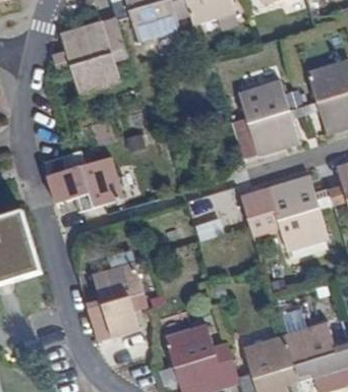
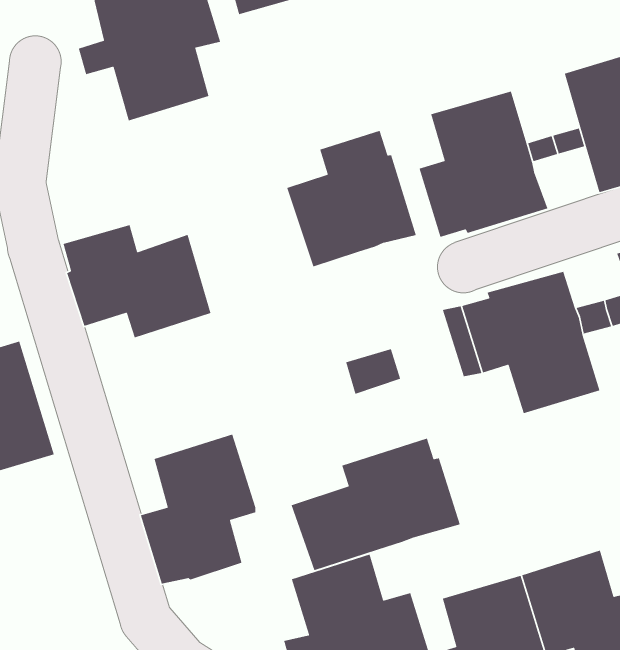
building: none -> [286,130,417,267]
building: none -> [290,438,461,571]

